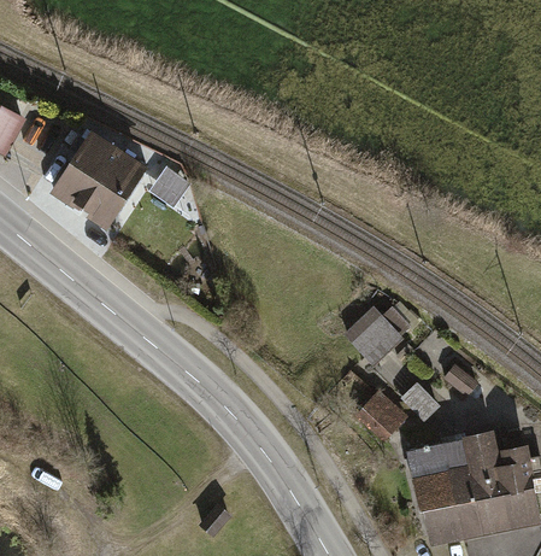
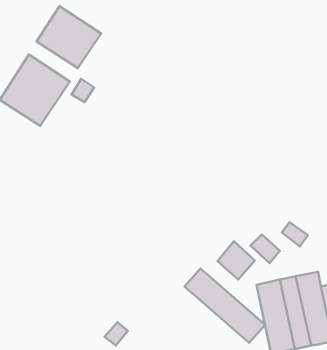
building: none -> [37,6,101,68]
building: [342,305,412,364] -> none
building: none -> [185,268,265,343]

